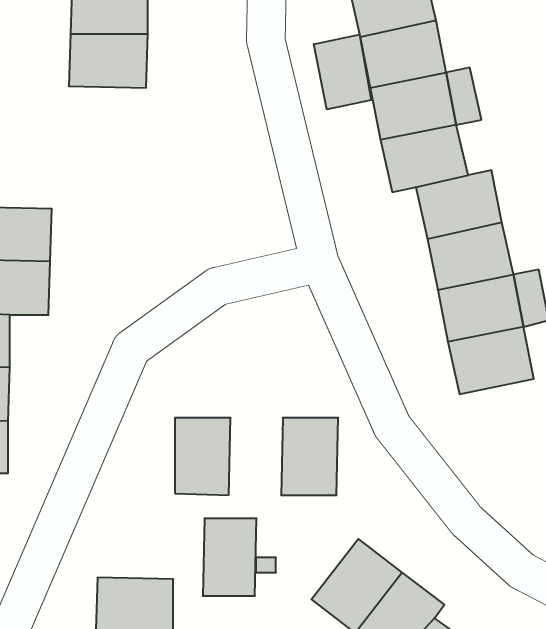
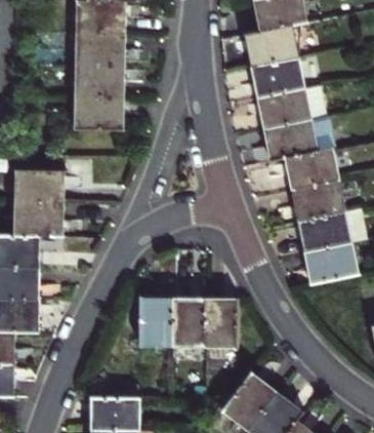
building: [314,34,371,109] -> none
building: none -> [74,96,121,130]
building: [203,518,257,596] -> [171,299,204,346]

